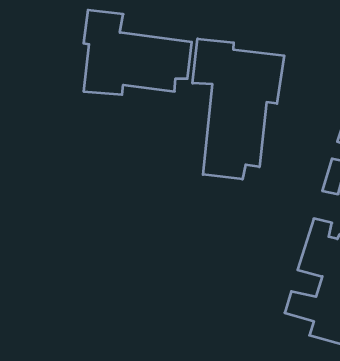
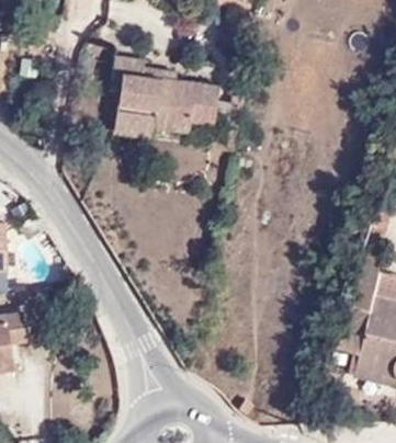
building: [193,39,284,179] -> none

